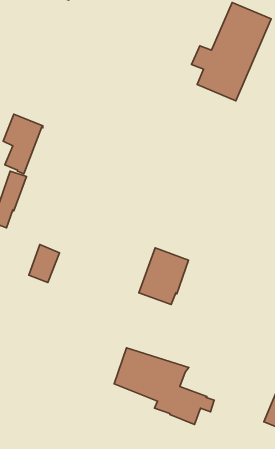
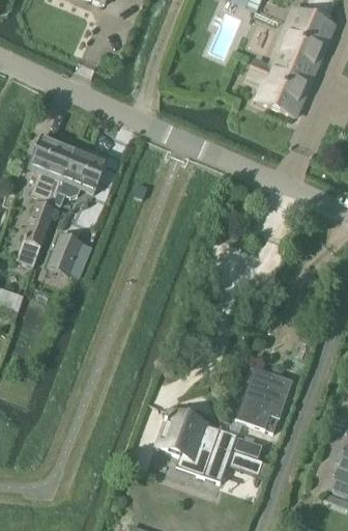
building: none -> [54,148,109,206]
building: [29,245,60,282] -> [49,231,84,275]
building: [139,248,188,304] -> [237,364,294,429]

